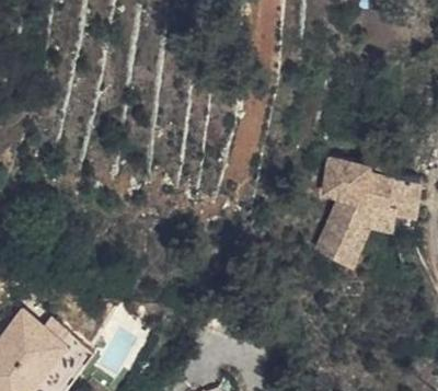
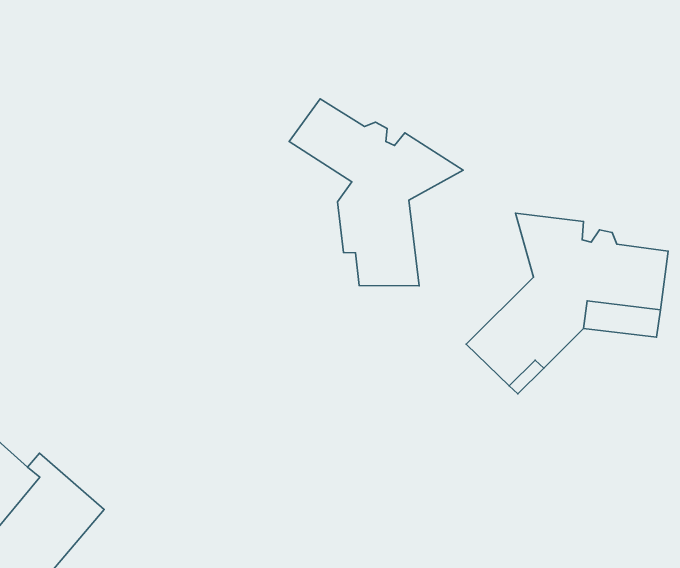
building: none -> [289,99,463,286]

